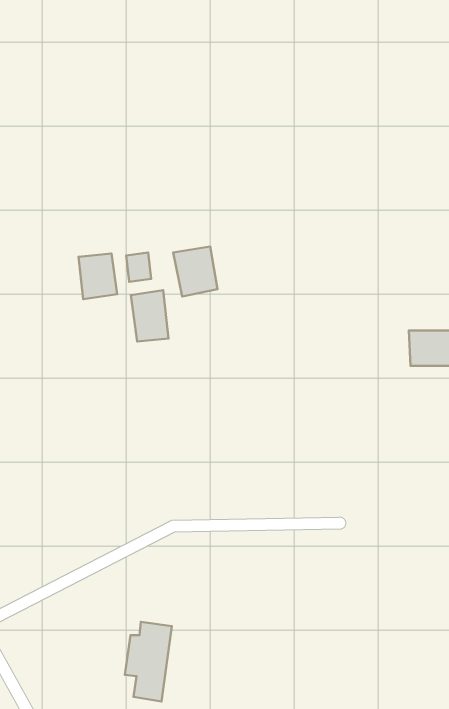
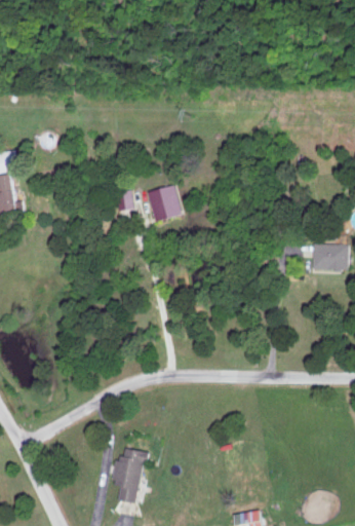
building: [79,254,117,299] -> none
building: [131,290,168,342] -> none

